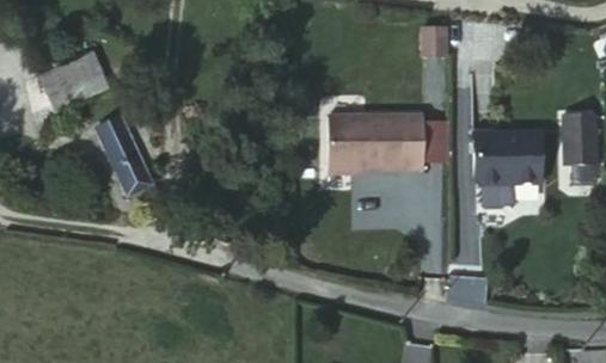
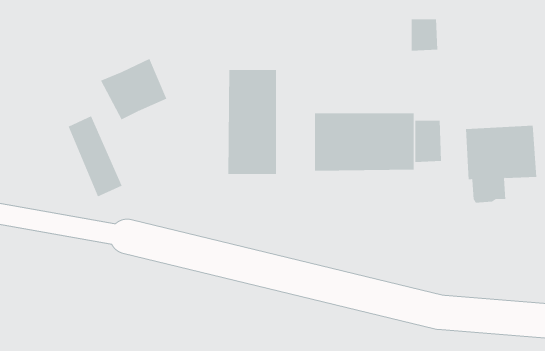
building: [44,49,109,109] -> [100,58,167,120]
building: none -> [228,69,277,175]

